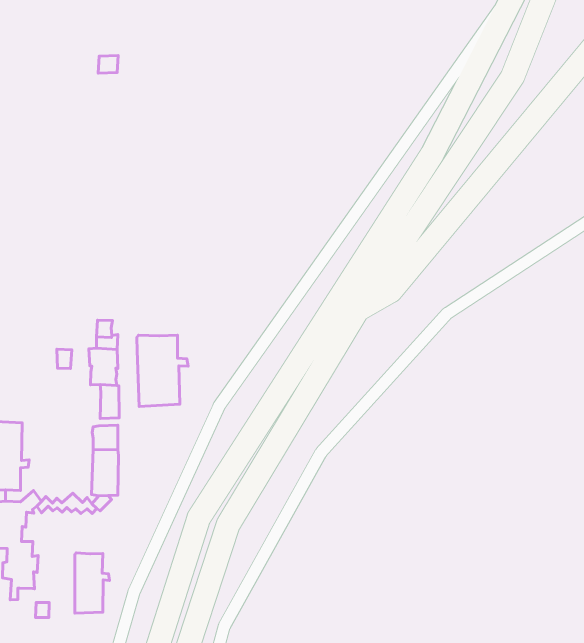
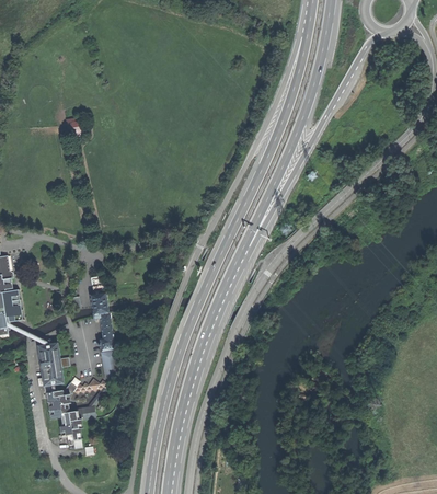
building: [137,335,188,406] -> none
building: [75,553,110,613] -> none

